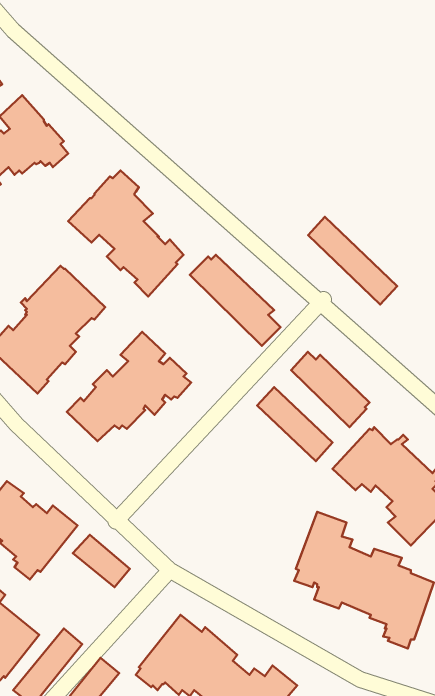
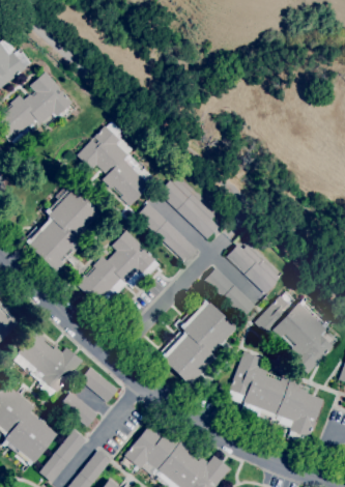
building: [308,217,397,304] -> [137,203,197,262]
building: none -> [161,299,236,385]
building: none -> [60,392,98,427]

